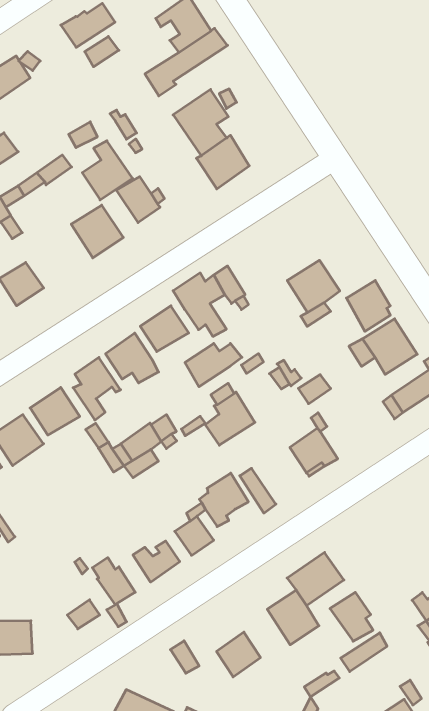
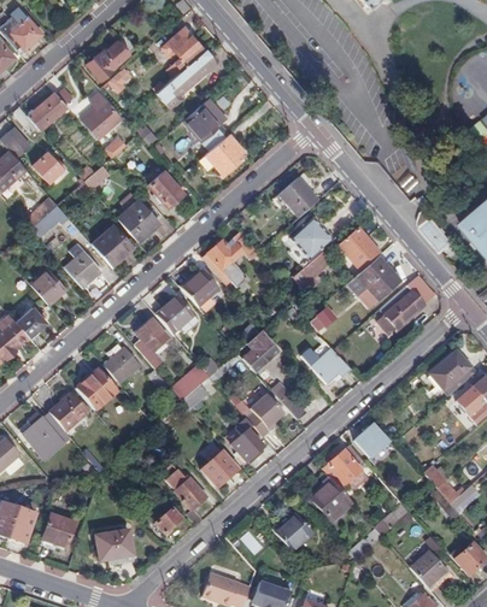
building: [82,141,133,200] -> [82,90,122,137]
building: none -> [280,178,318,217]
building: none -> [93,226,129,263]
building: [185,343,242,387] -> none
building: [330,592,373,641] -> [356,425,392,464]

